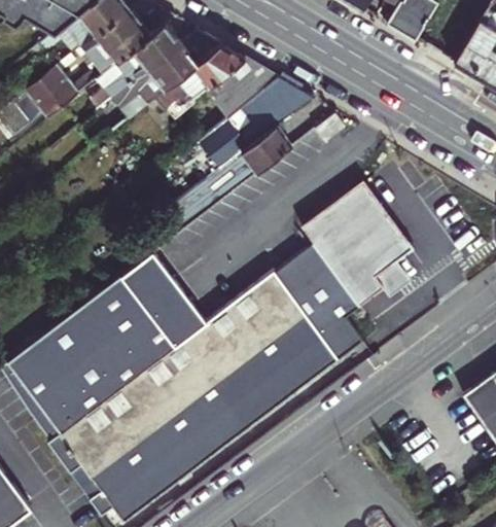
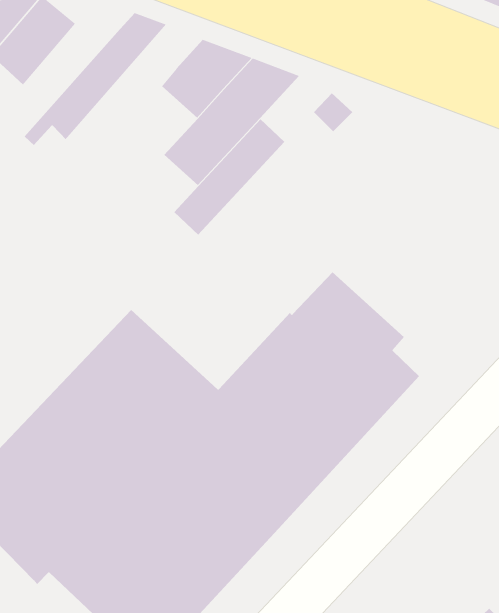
building: [90,20,182,108] -> none
building: [112,43,243,137] -> none
building: [296,181,410,308] -> none

